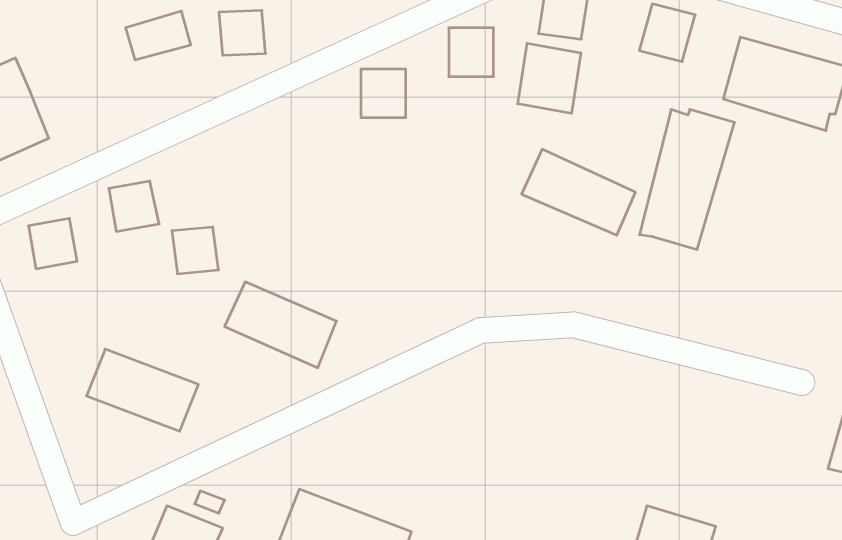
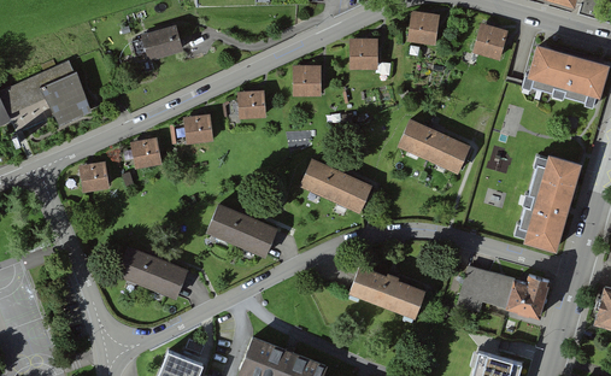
building: [219,10,266,55] -> [236,92,266,121]
building: [518,43,581,113] -> none
building: [639,109,735,249] -> [517,155,578,246]
building: none -> [299,158,372,213]
building: [172,227,219,274] -> [183,116,213,146]
building: none -> [349,265,424,317]
building: none -> [457,266,550,317]

